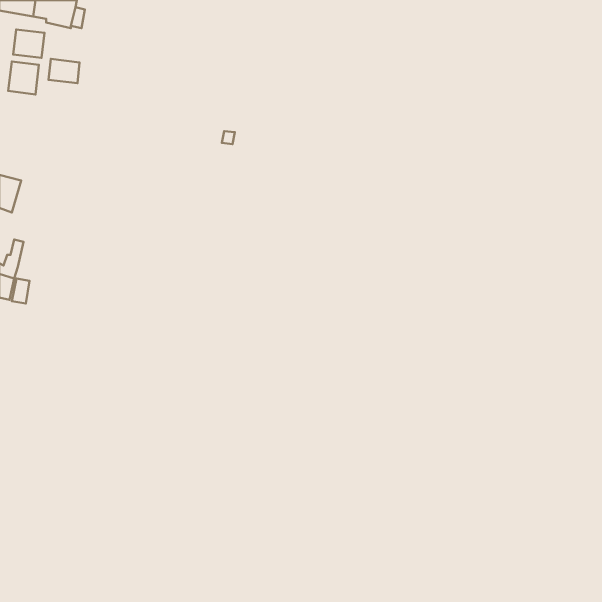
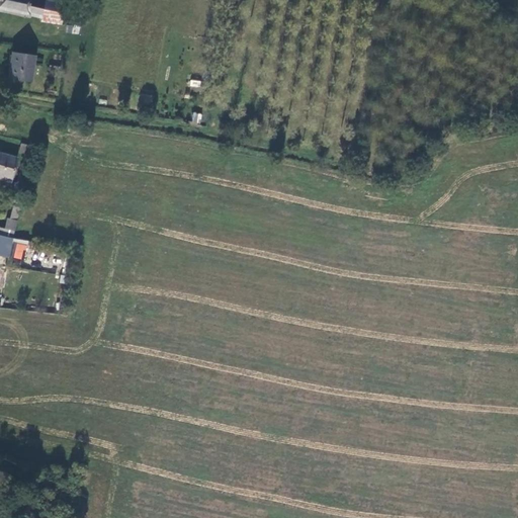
building: [13,30,45,58] -> none
building: [48,59,80,83] -> none

